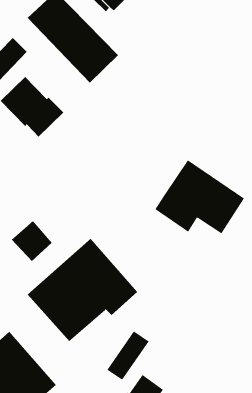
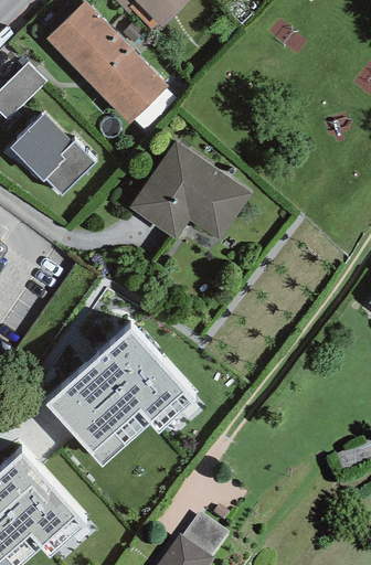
building: [154,159,245,234] -> [130,140,251,239]
building: [11,220,53,262] -> none
building: [107,331,150,380] -> none

